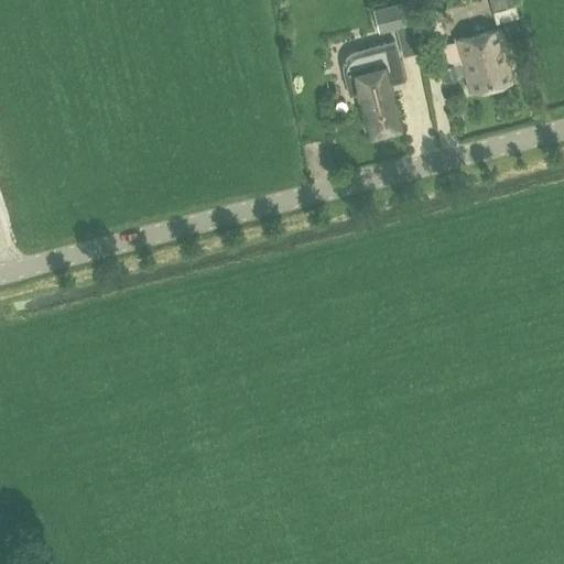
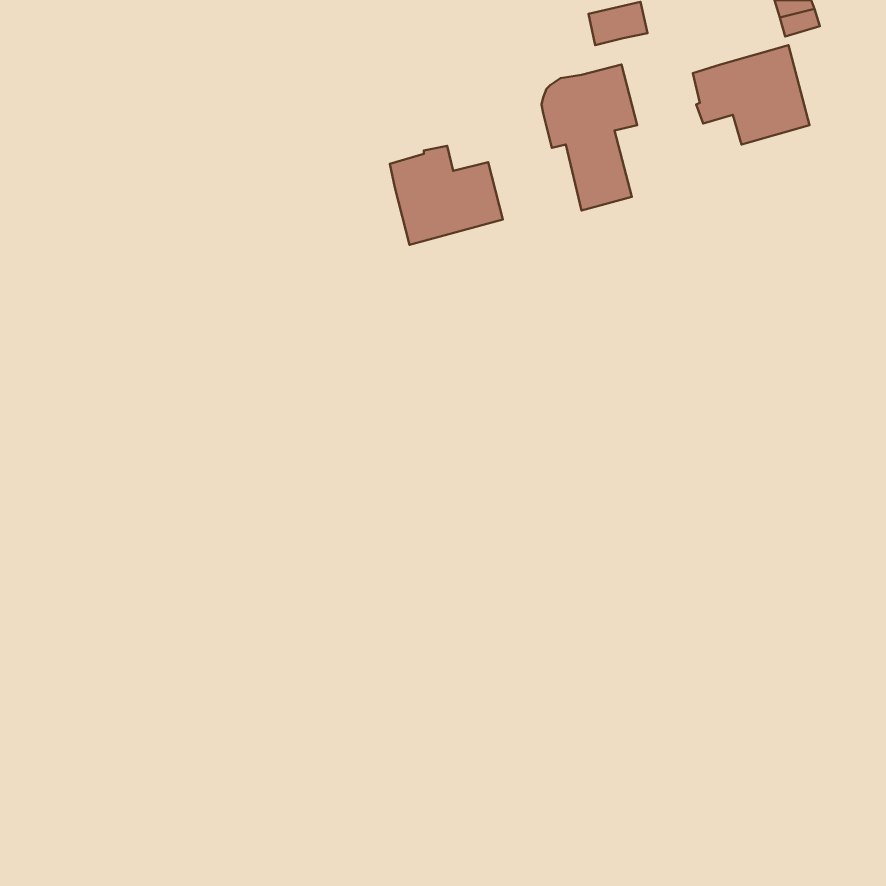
building: none -> [390,146,503,245]

